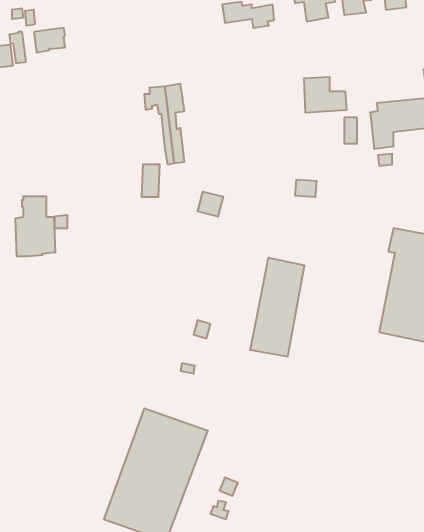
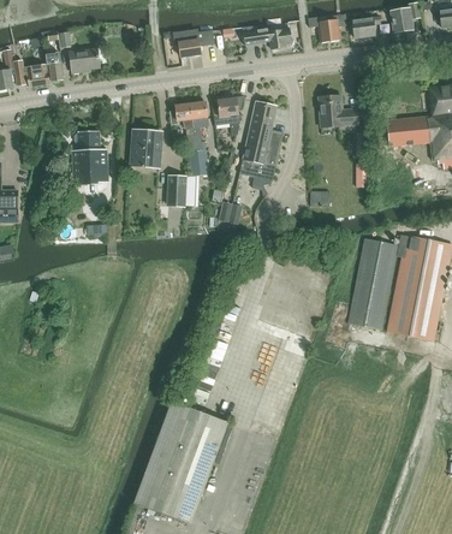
building: none -> [174,29,214,55]
building: none -> [213,96,240,125]
building: none -> [240,100,284,184]
building: none -> [131,129,161,168]
building: [15,196,56,256] -> [70,129,107,184]
building: [250,258,305,356] -> [347,237,398,328]

